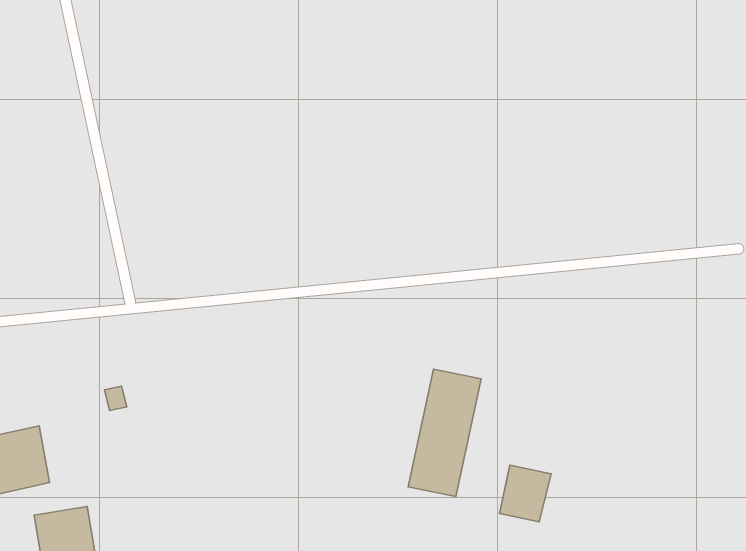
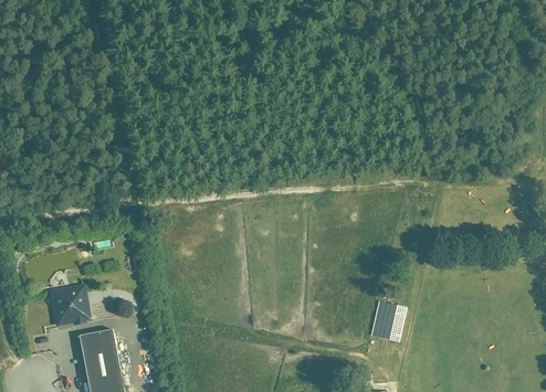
building: [408,369,481,497] -> none

